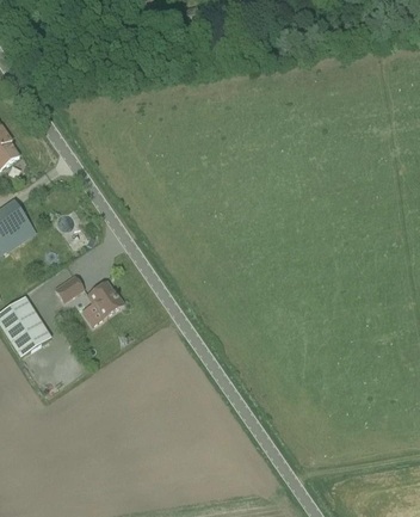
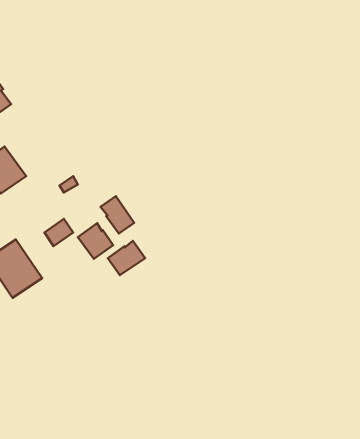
building: none -> [101,196,134,234]
building: none -> [108,241,145,275]

